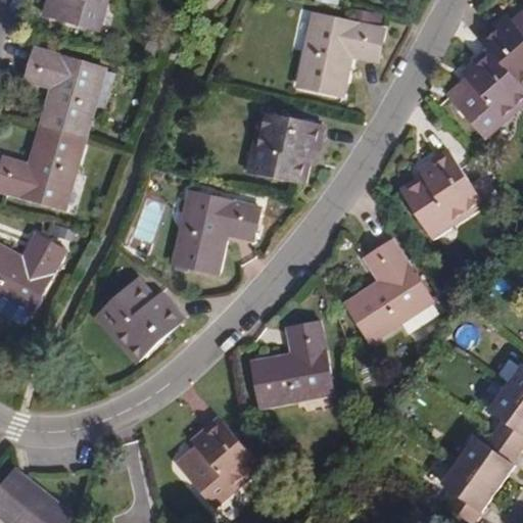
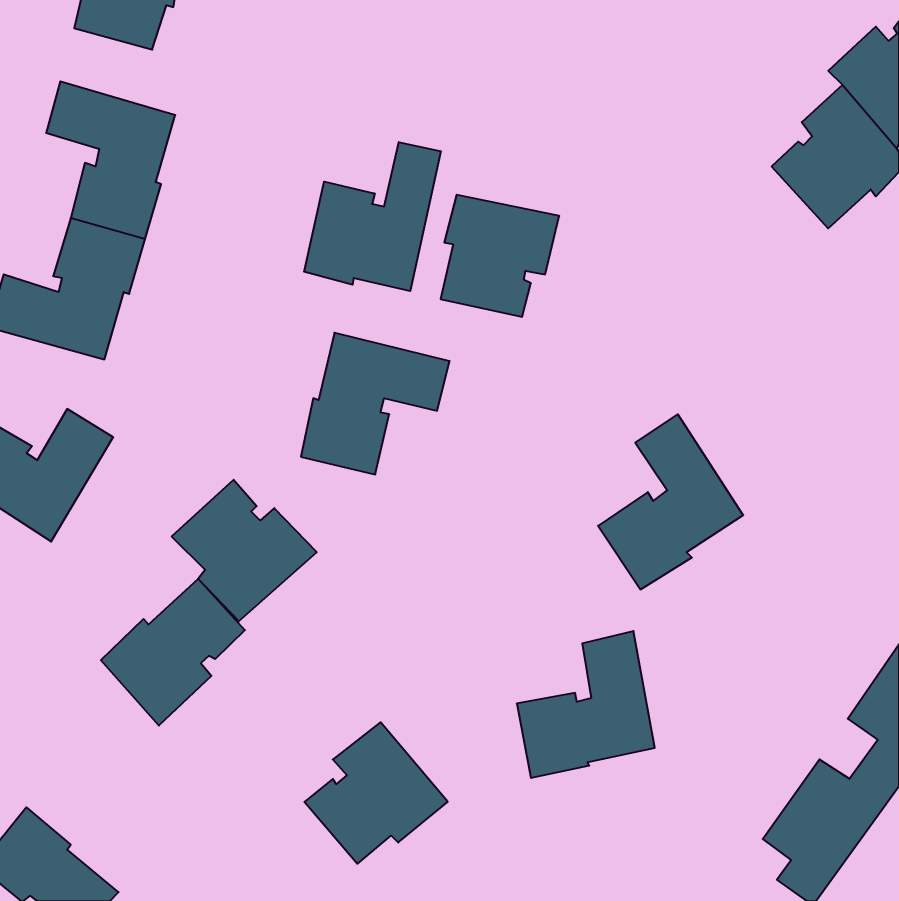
building: [296,13,383,95] -> none
building: none -> [304,142,441,291]
building: [400,150,482,230] -> none
building: [251,321,331,406] -> [517,631,655,778]
building: none -> [101,579,245,726]

